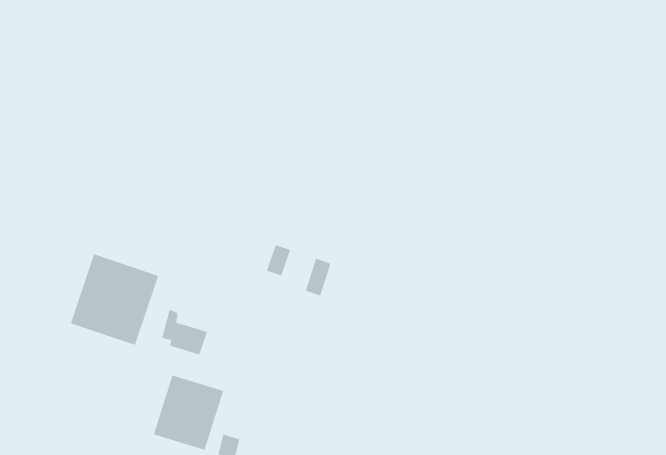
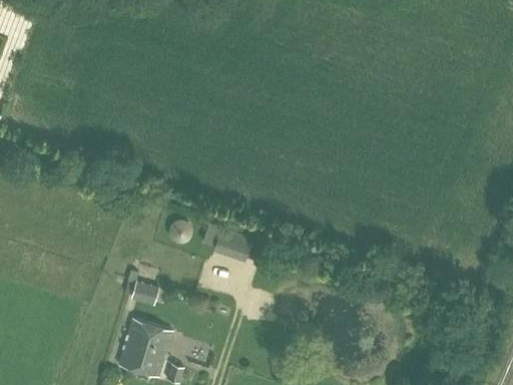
building: [70,253,159,346] -> none

